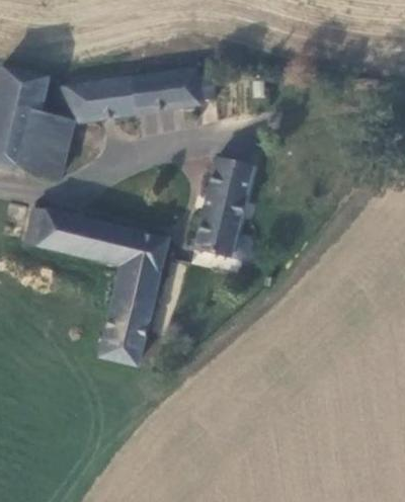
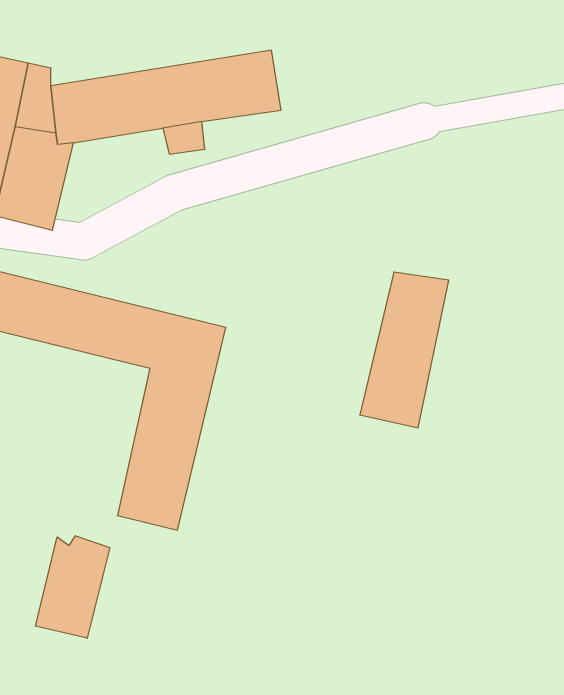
building: [197,159,253,256] -> [360,272,449,428]
building: none -> [35,536,110,638]

